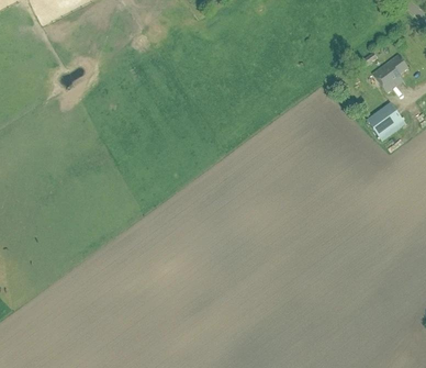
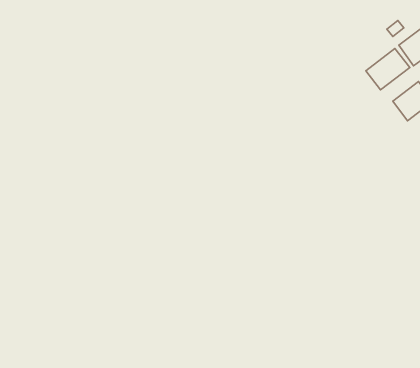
building: none -> [366,48,410,90]

